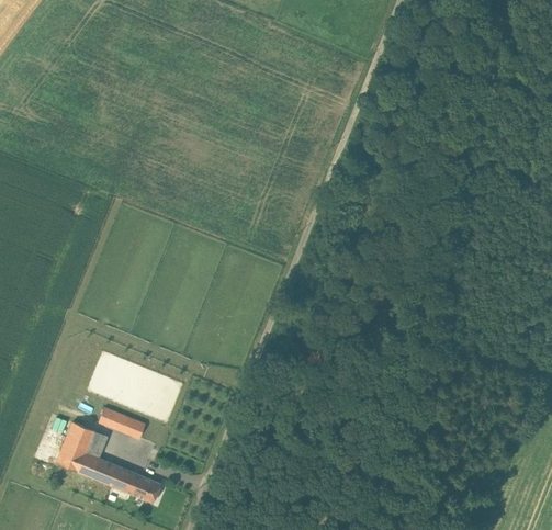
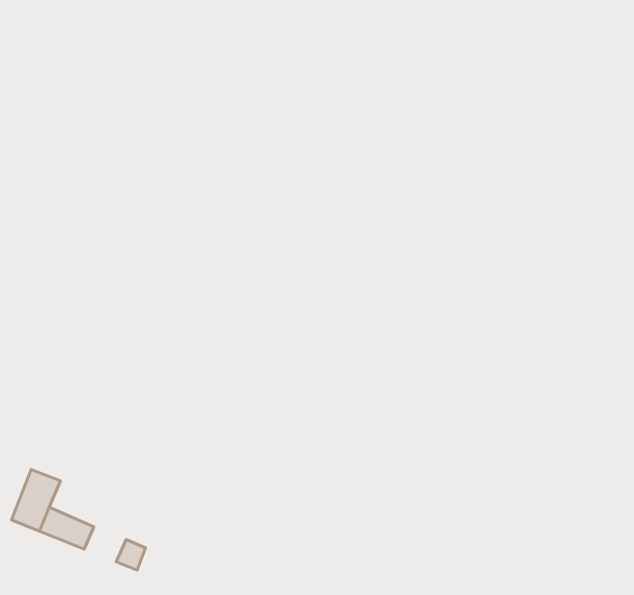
building: [99,408,146,440] -> none
building: [113,467,146,495] -> none

